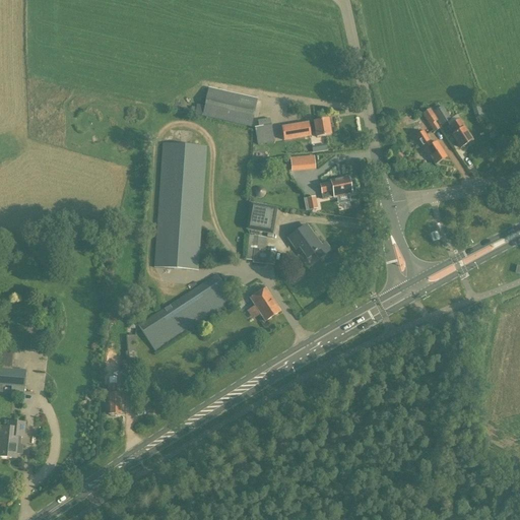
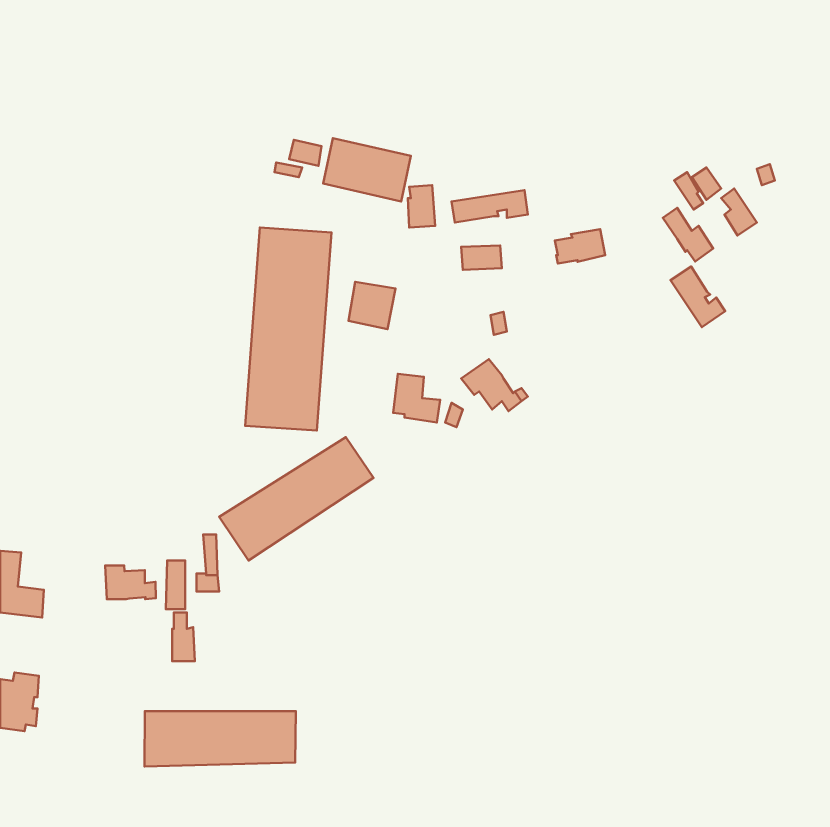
building: none -> [671,266,725,327]
building: [320,177,351,198] -> [555,229,605,263]
building: [247,203,276,233] -> [349,282,396,329]
building: [247,287,280,320] -> none
building: none -> [105,565,156,599]
building: none -> [145,711,296,766]

